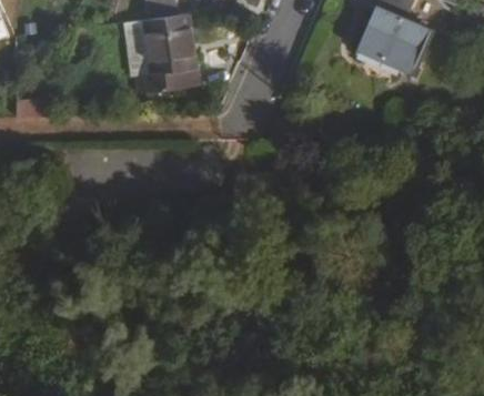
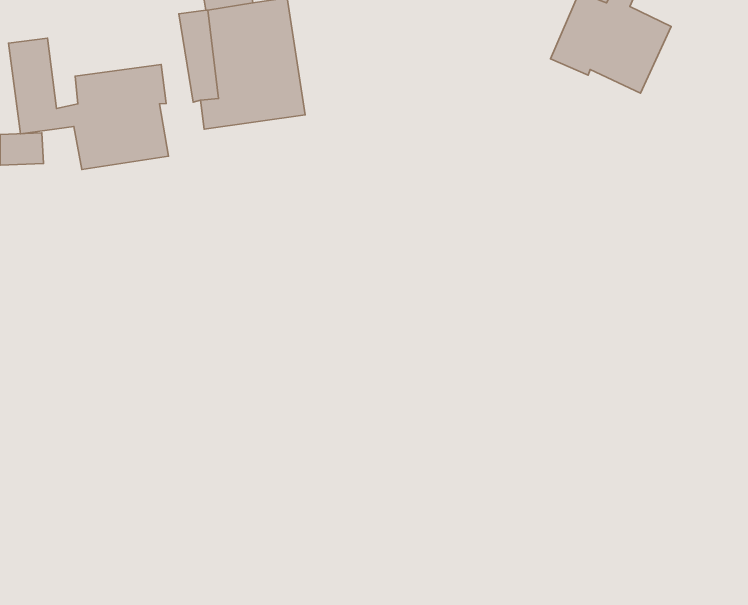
building: none -> [8,38,168,169]

